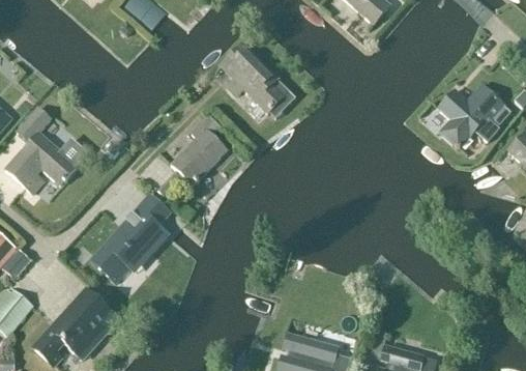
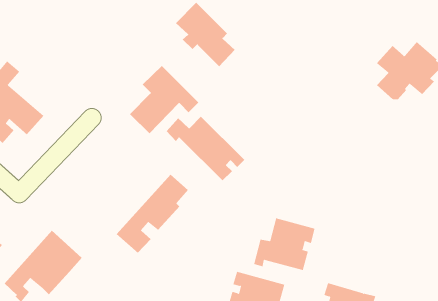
building: none -> [166,116,245,181]
building: [91,194,170,280] -> [116,174,189,253]
building: none -> [254,217,315,271]

